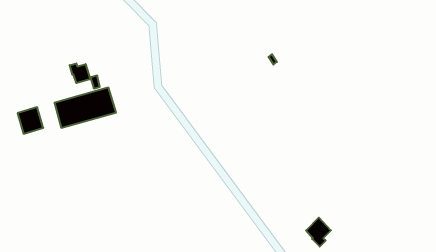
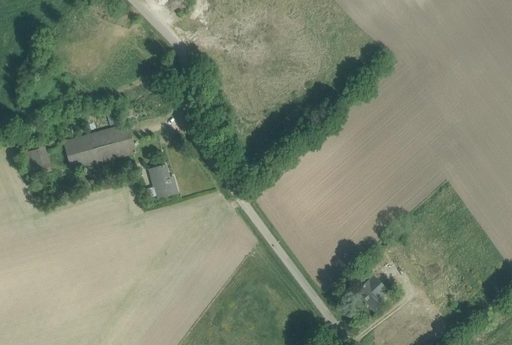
building: [70,63,90,83] -> none
building: none -> [147,164,177,198]

